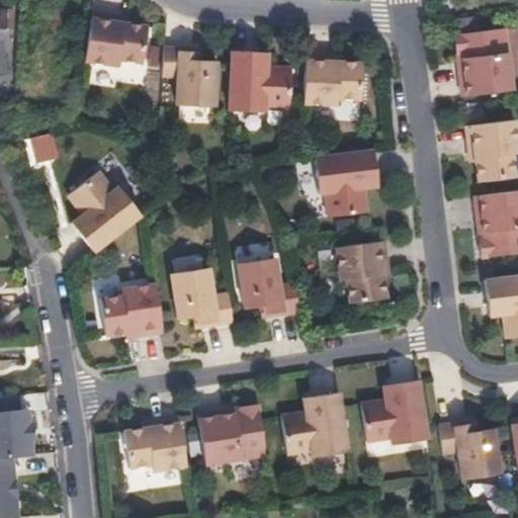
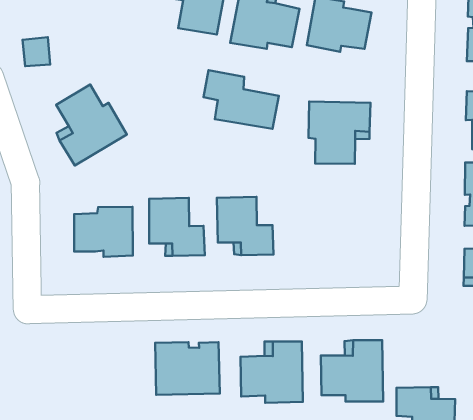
building: none -> [203,70,279,129]
building: [337,241,388,303] -> none
building: [124,417,187,469] -> none

